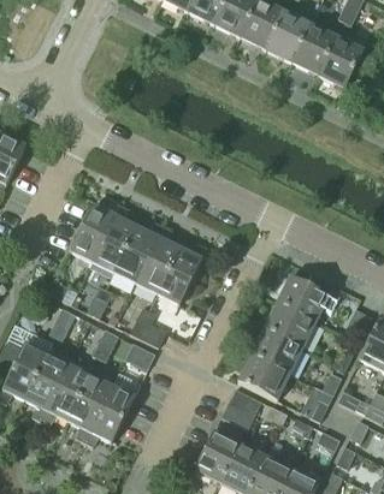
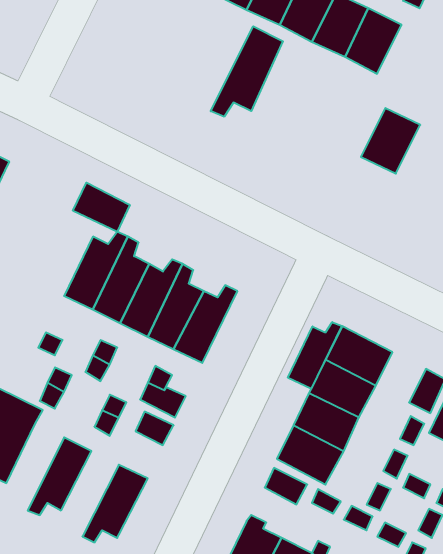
building: [317,37,364,89] -> [361,108,420,174]
building: none -> [211,26,283,117]
building: none -> [73,183,130,232]
building: none -> [288,322,342,389]
building: [23,352,69,421] -> none
building: [66,374,112,441] -> none

